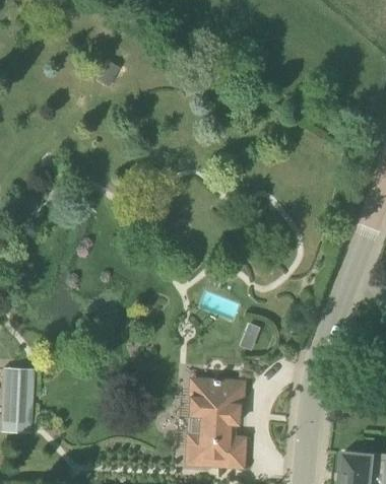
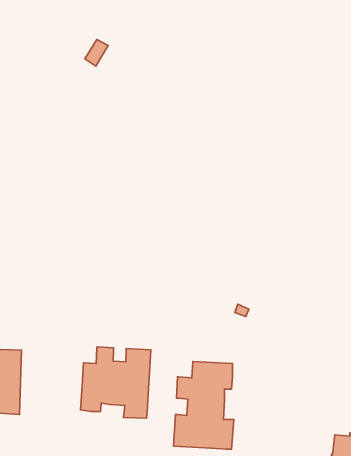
building: none -> [81,347,151,418]

